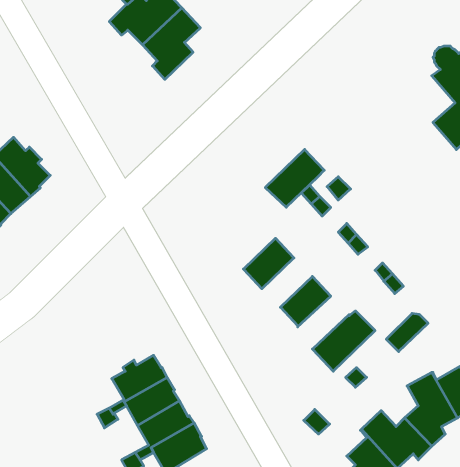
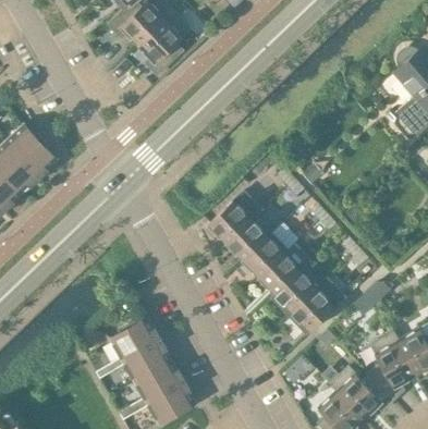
building: [265,149,324,207] -> [208,193,260,244]
building: none -> [243,234,288,278]
building: none -> [271,268,320,315]

